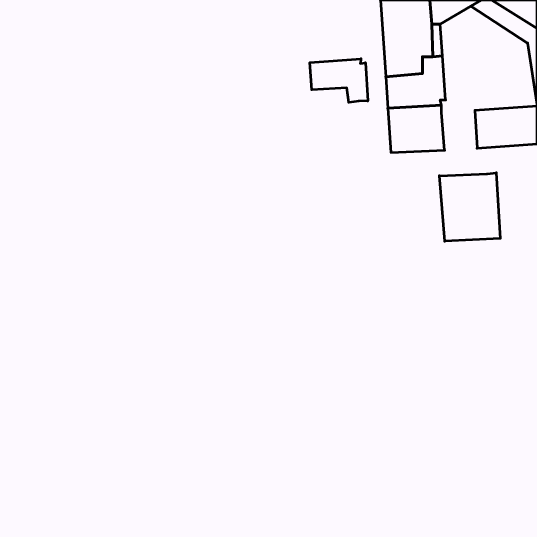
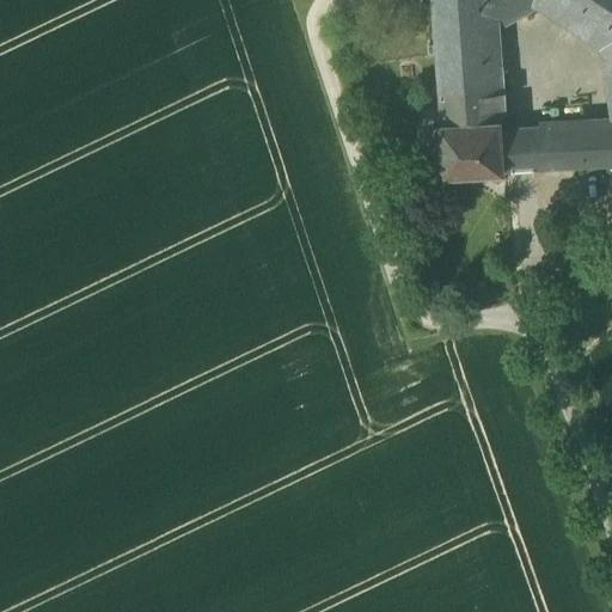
building: [310,59,368,102] -> none
building: none -> [502,126,543,171]
building: [439,173,500,241] -> none

